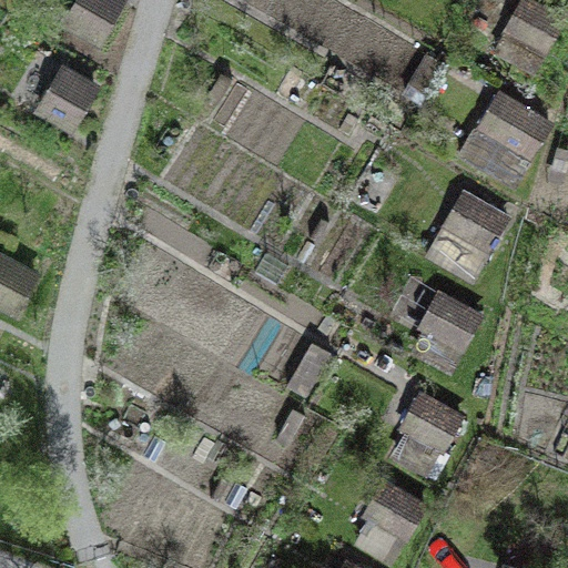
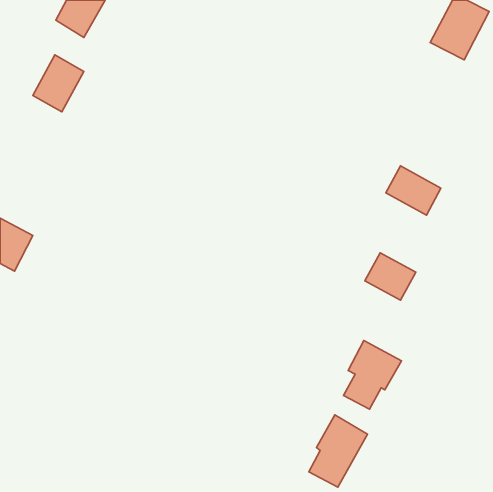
building: [459,94,547,186] -> none

